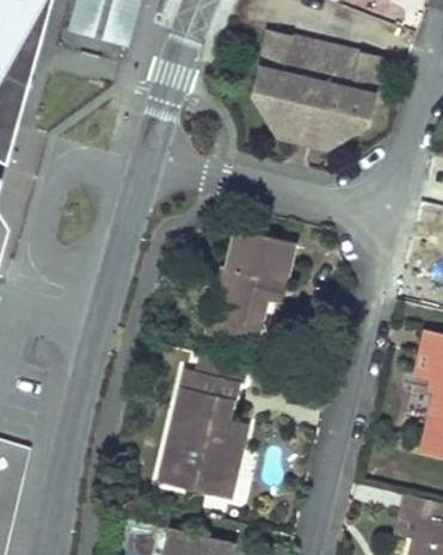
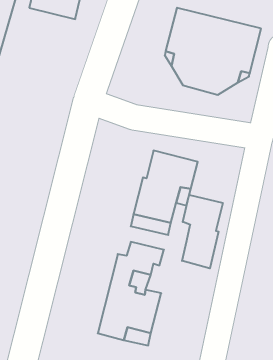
building: none -> [182,195,223,268]

